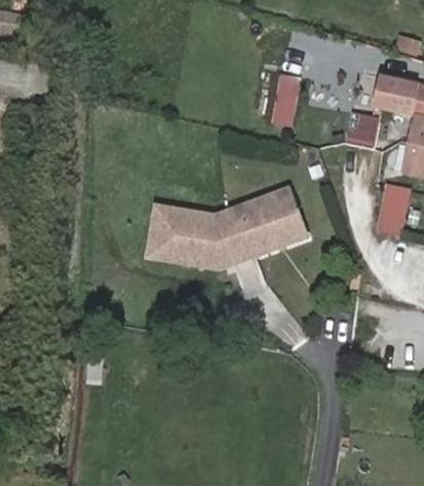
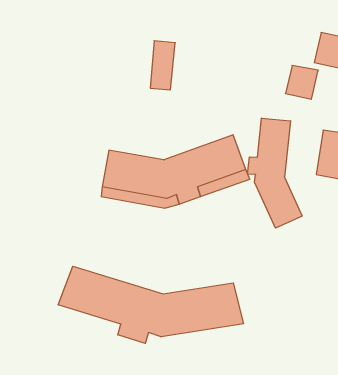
building: [274,73,301,125] -> [150,41,175,90]
building: none -> [248,118,302,228]
building: none -> [58,266,244,343]

